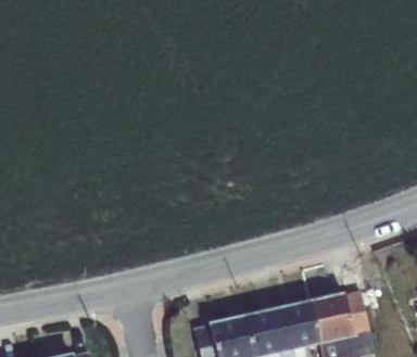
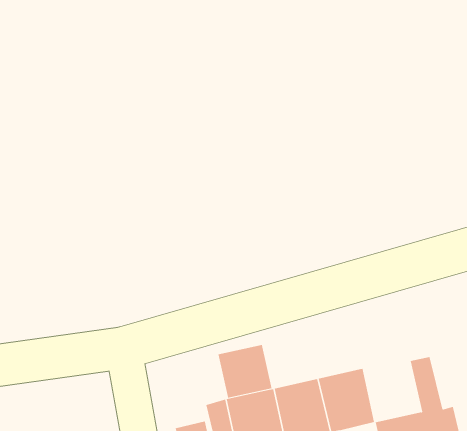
building: none -> [218,344,272,398]
building: [311,293,354,341] -> none

